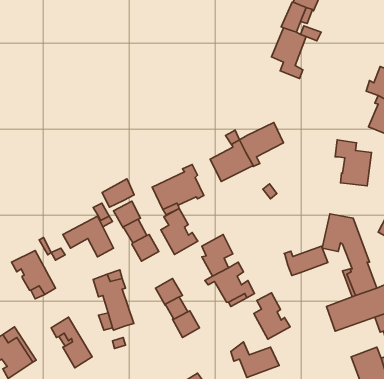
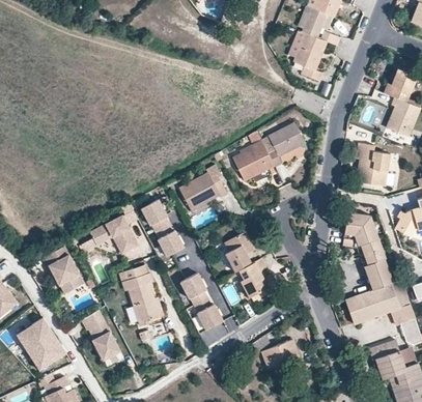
building: [102,179,134,207] -> none
building: [161,208,198,254] -> none
building: [284,246,328,276] -> none
building: [254,293,290,339] -> none

